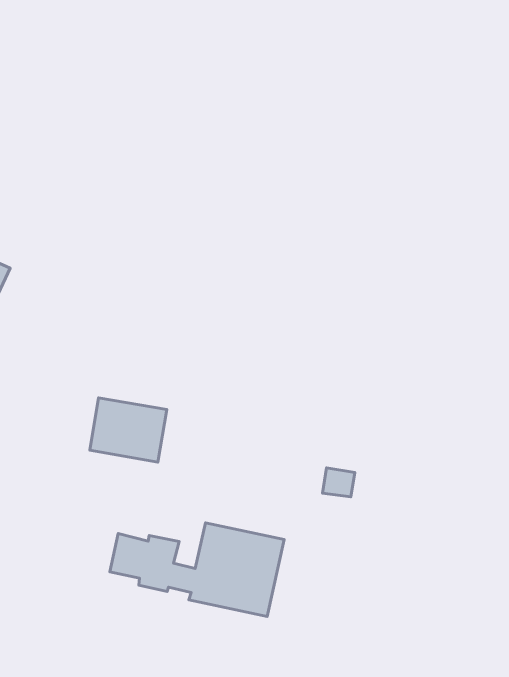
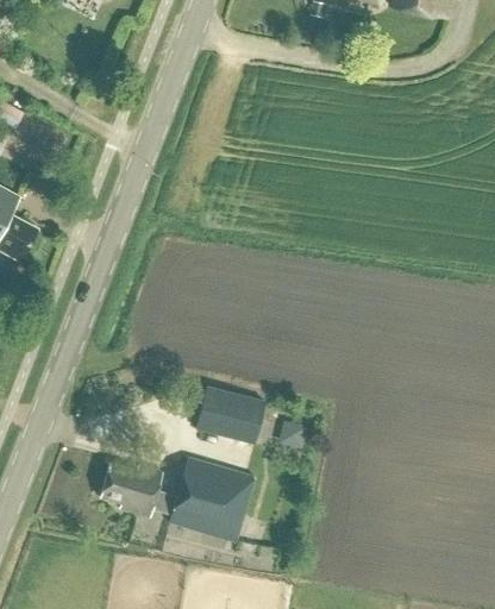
building: [90,398,167,462] -> [195,385,263,444]

